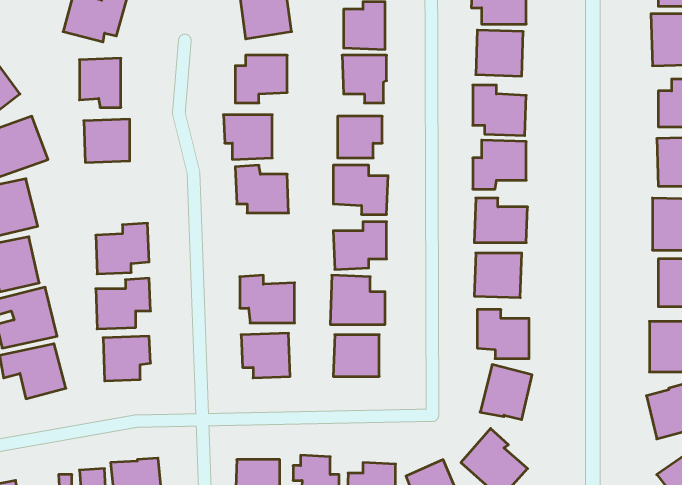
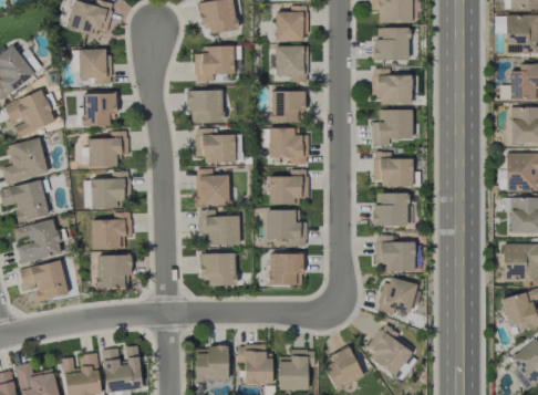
building: none -> [87,131,128,167]
building: none -> [196,168,229,205]

